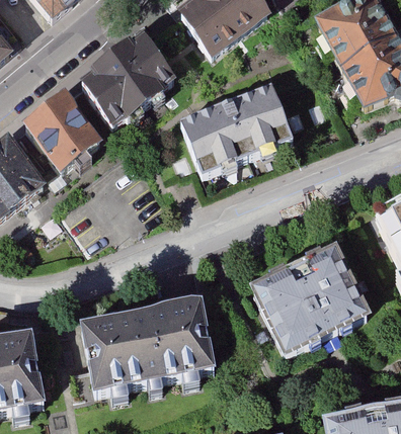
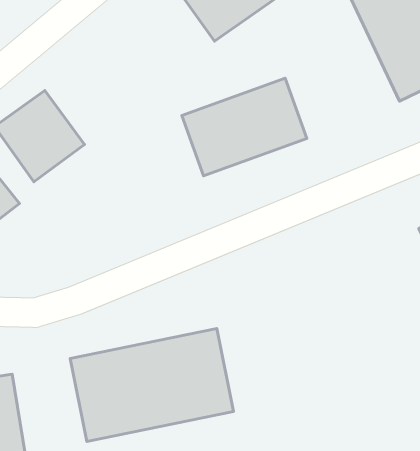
building: [80,33,172,121] -> none
building: [244,245,367,359] -> none

